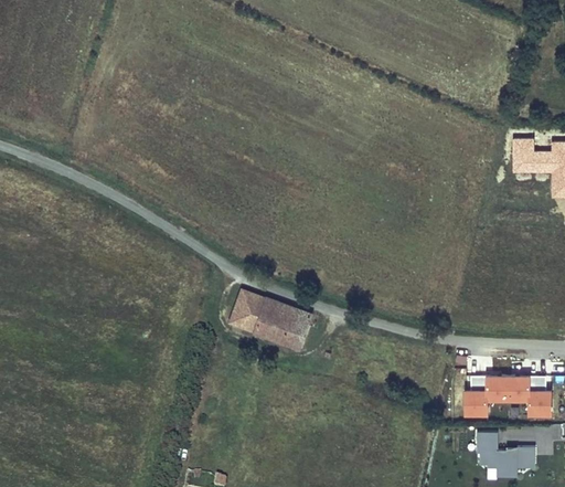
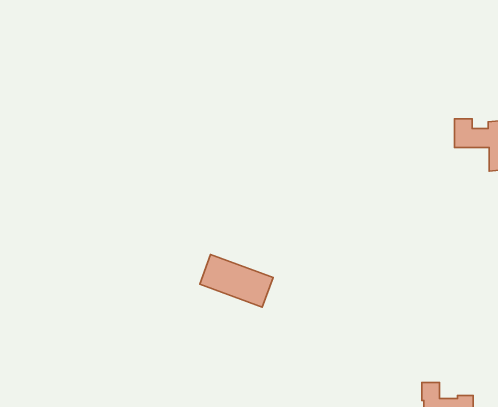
building: [466,378,551,419] -> none

